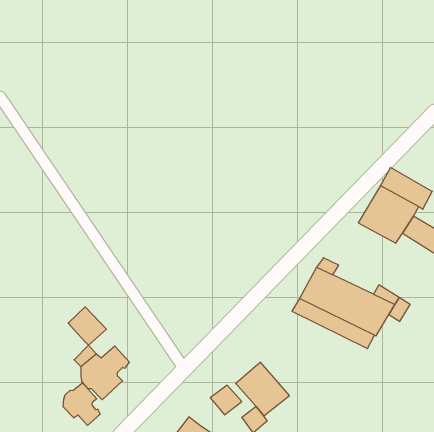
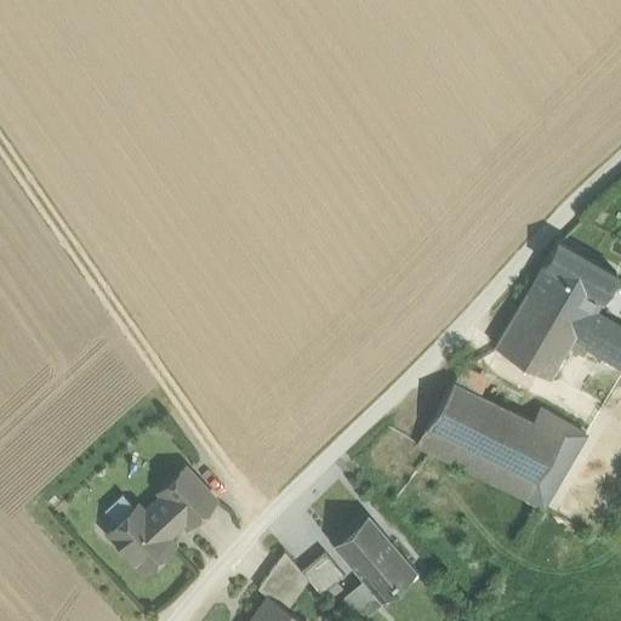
building: none -> [495,321,565,378]
building: [68,307,106,345] -> [161,471,216,525]
building: none -> [525,452,571,511]
building: [63,383,100,425] -> none
building: none -> [258,553,309,611]

